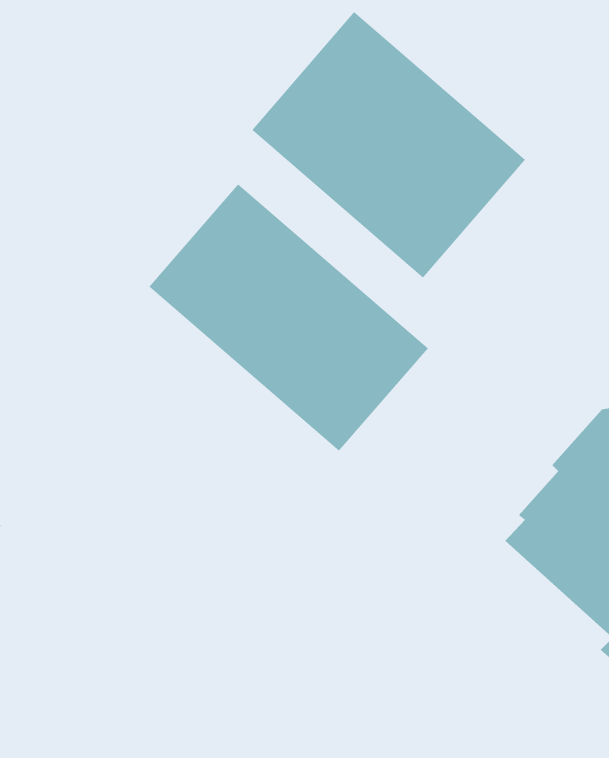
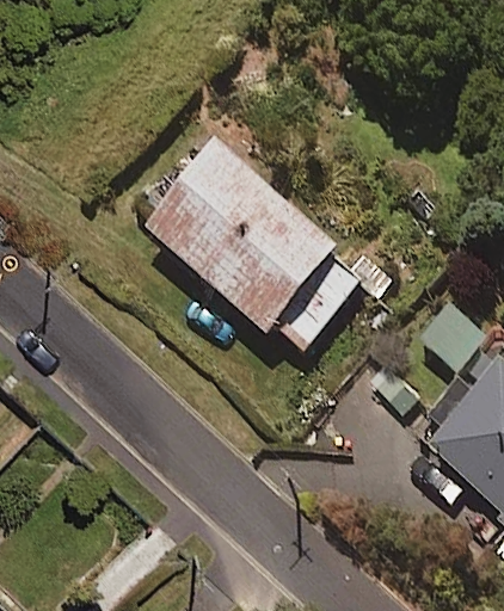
building: [251,11,526,279] -> none

